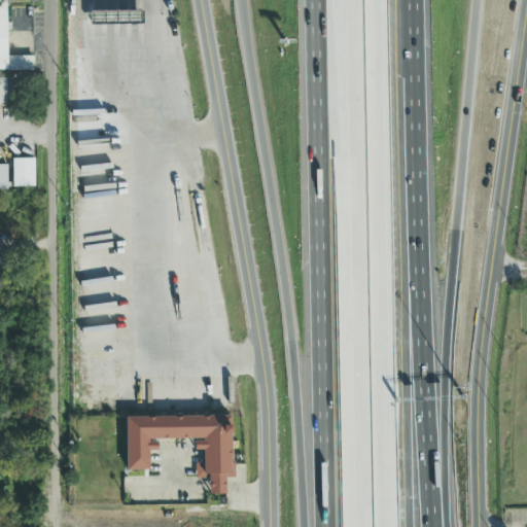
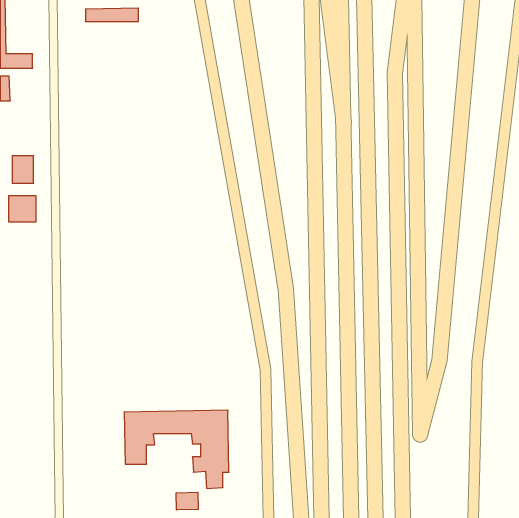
building: none -> [9,196,36,222]
building: none -> [176,492,198,510]

